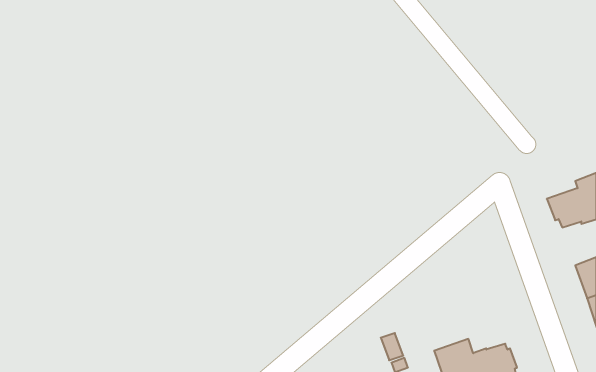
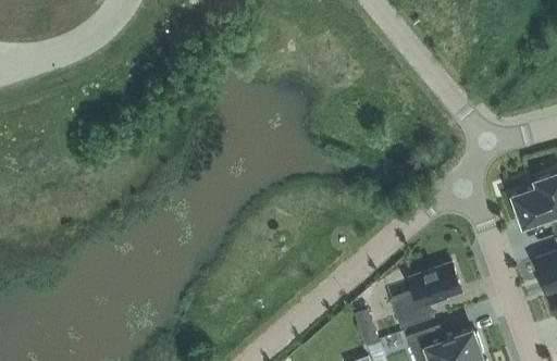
building: none -> [391,264,461,329]

